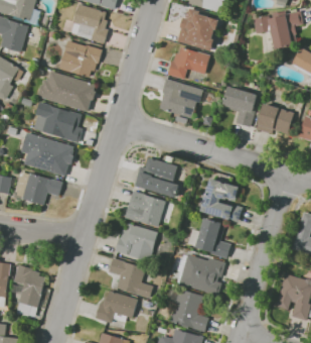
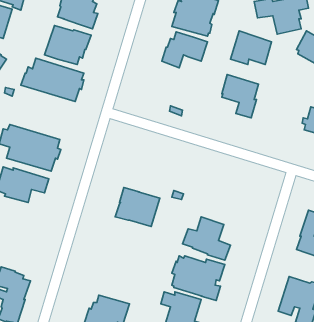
building: [158,79,202,118] -> none
building: [33,102,79,141] -> none
building: [256,103,294,134] -> [230,31,272,65]
building: [133,156,178,198] -> none
building: [200,179,242,222] -> none
building: [115,223,157,261] -> none
building: [108,257,152,298] -> none

